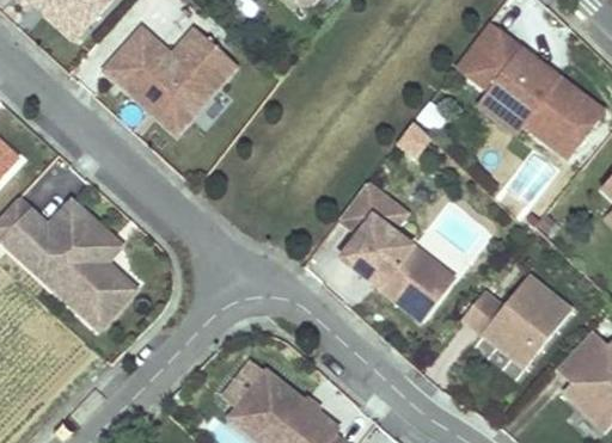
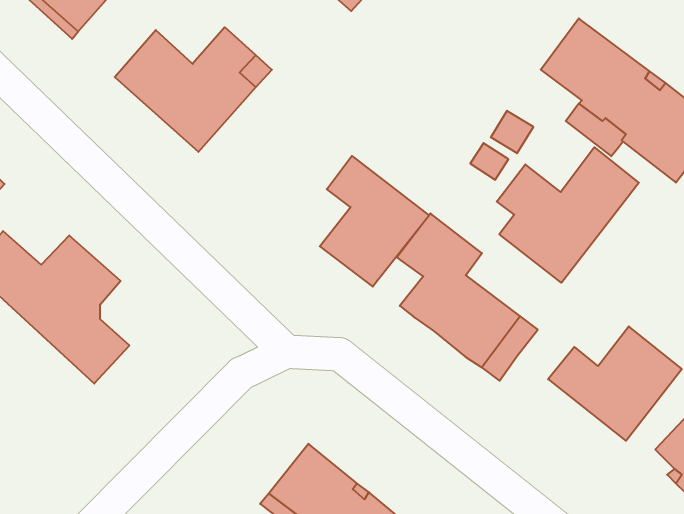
building: none -> [497,147,639,283]
building: none -> [320,156,429,287]
building: [93,236,139,328] -> none

